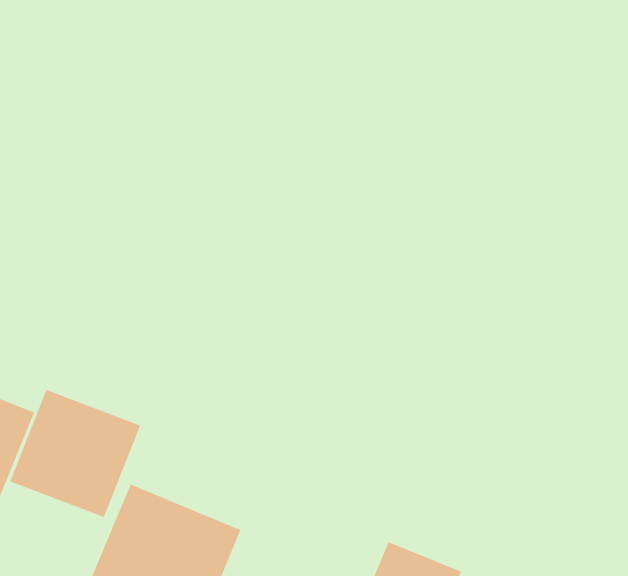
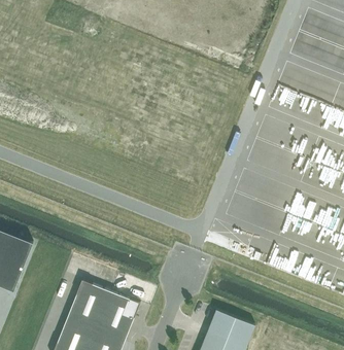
building: [9,389,141,518] -> none

